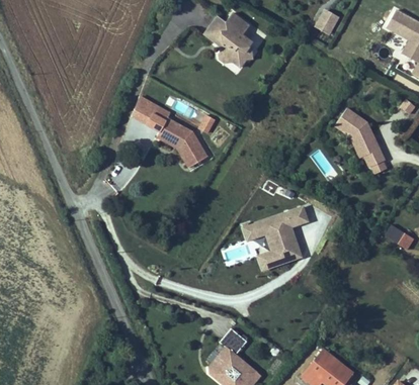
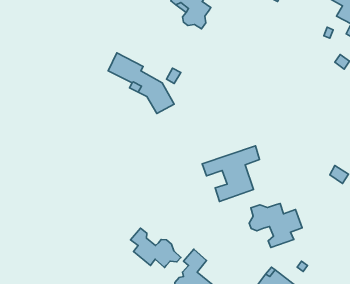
building: [335,106,388,174] -> none
building: none -> [249,203,302,247]
building: none -> [131,228,181,267]

